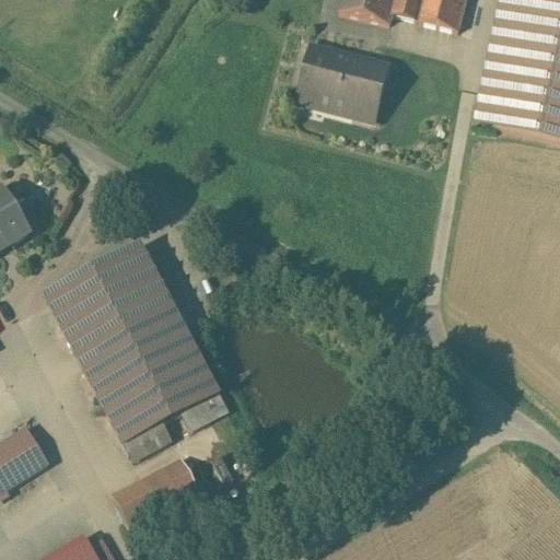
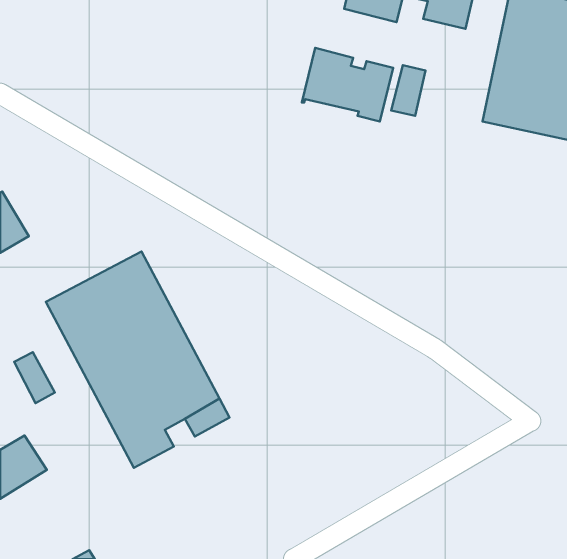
building: none -> [391,65,426,116]
building: none -> [14,352,55,403]
building: [113,457,200,526] -> none

